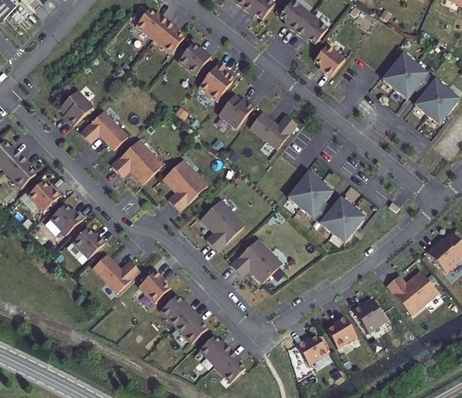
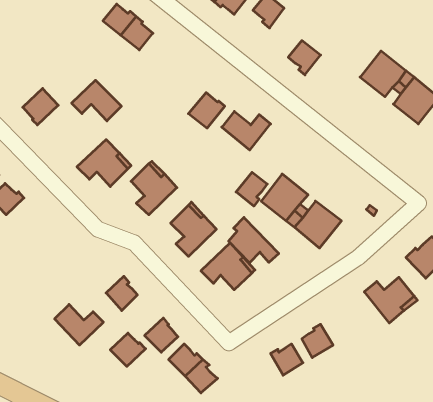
building: [296,13,328,43] -> none
building: [178,43,211,75] -> none
building: [199,61,232,101] -> none
building: [80,111,128,150] -> [72,80,121,121]
building: none -> [236,172,267,206]
building: [50,204,83,235] -> none
building: none -> [229,217,279,263]
building: [72,228,105,258] -> none
building: [93,254,140,293] -> [55,304,103,345]
building: [160,295,194,327] -> [110,333,146,366]
building: [352,298,387,332] -> none

